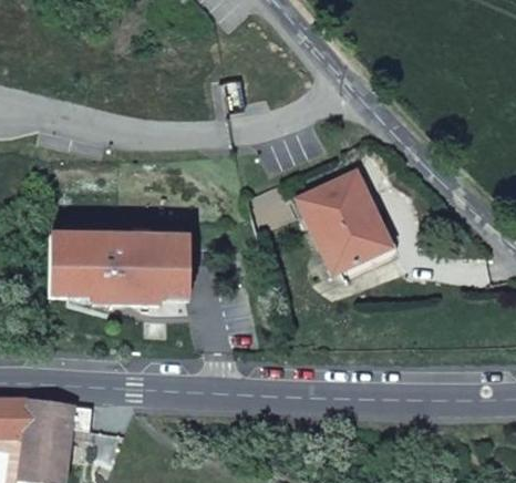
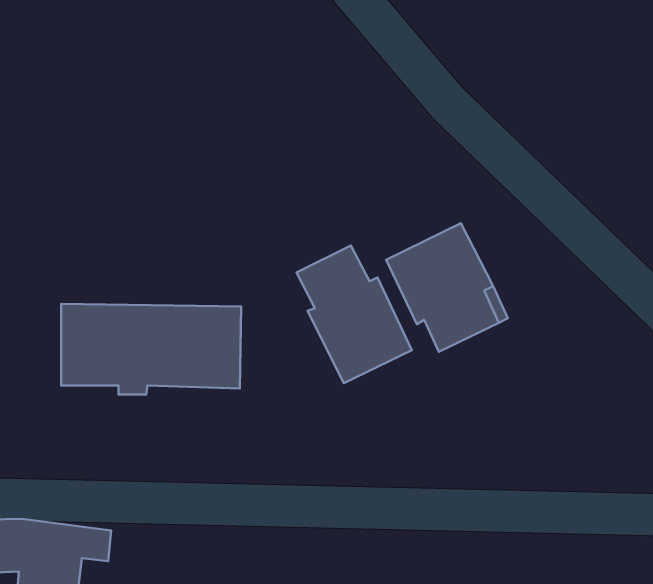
building: none -> [296,246,412,383]

